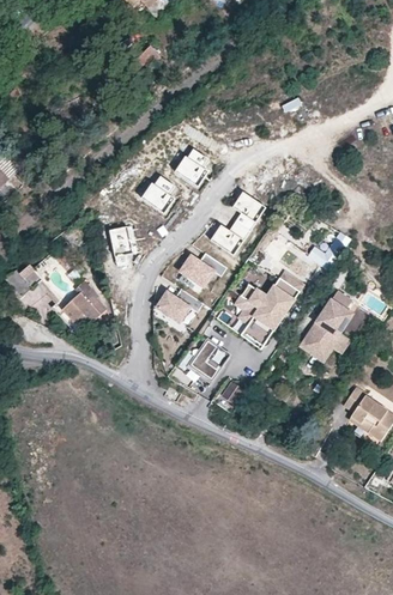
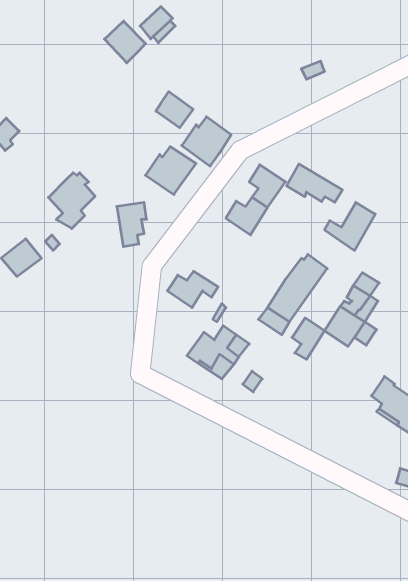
building: none -> [104,21,146,63]
building: none -> [156,92,193,128]
building: none -> [287,164,342,202]
building: [179,251,225,286] -> none
building: [235,285,265,323] -> [292,318,325,359]
building: [64,287,107,339] -> [48,173,95,229]

